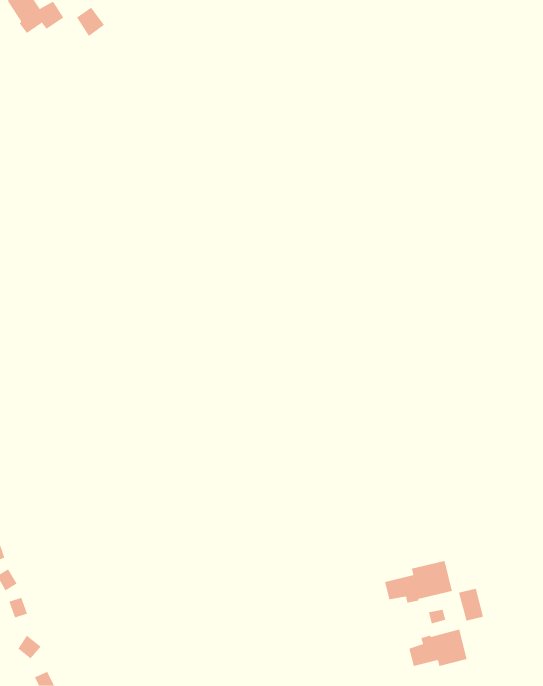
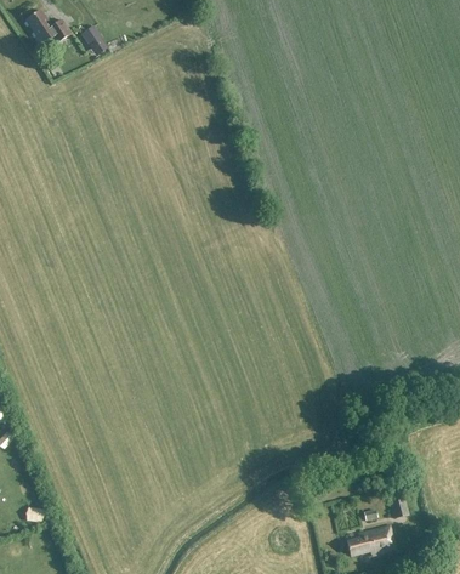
building: [385,560,452,604] -> none

